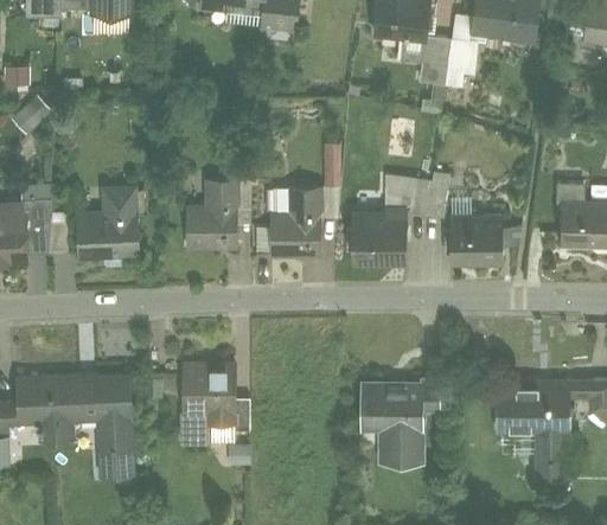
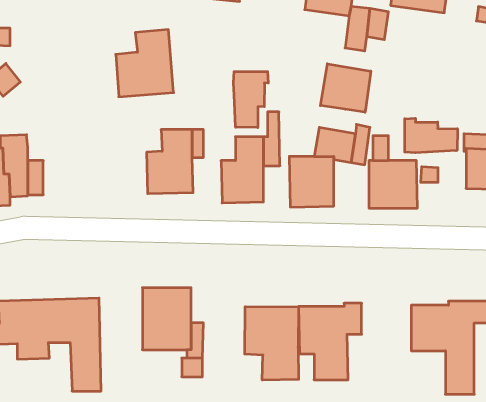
building: none -> [320,64,371,112]
building: none -> [233,72,268,128]
building: none -> [405,118,457,153]
building: [77,183,143,260] -> [116,30,174,97]
building: none -> [245,307,299,380]

